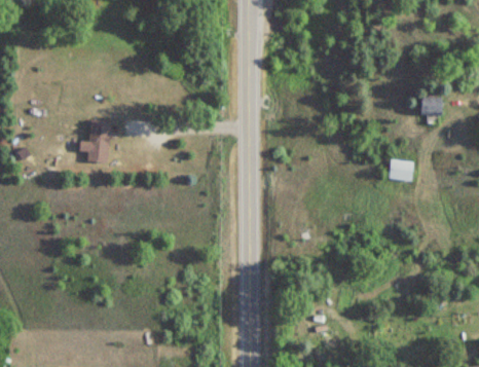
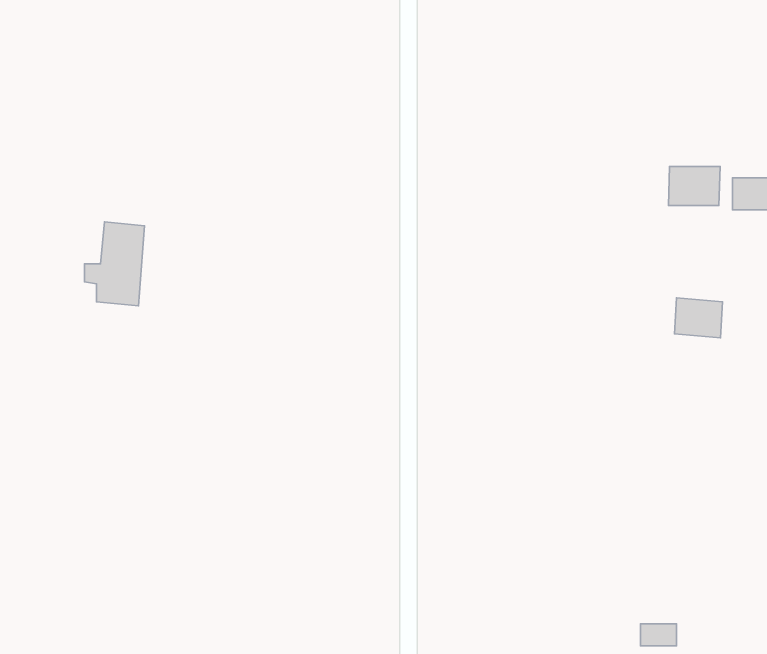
building: none -> [668,166,720,205]

